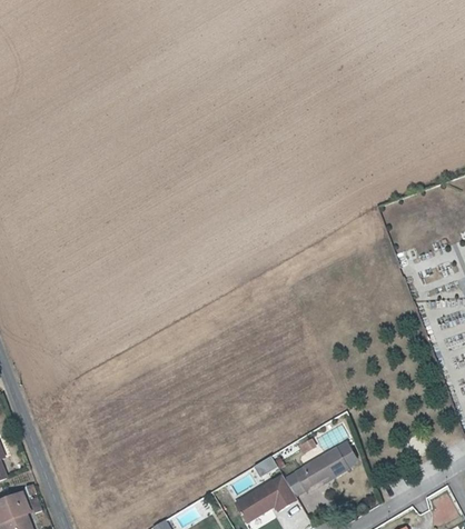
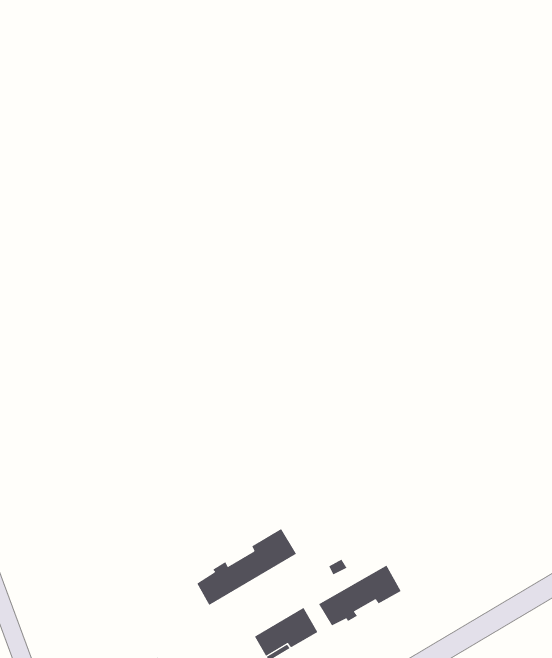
building: none -> [197,528,297,606]

